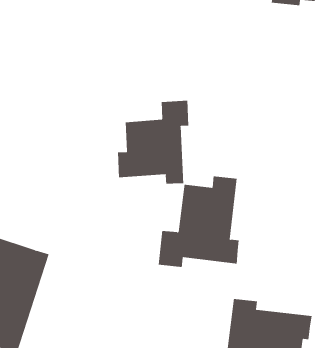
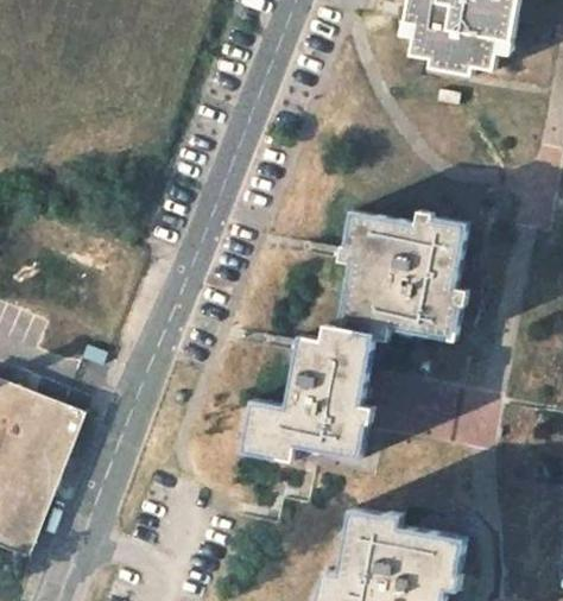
building: none -> [335,208,467,331]
building: [118,100,189,184] -> none

